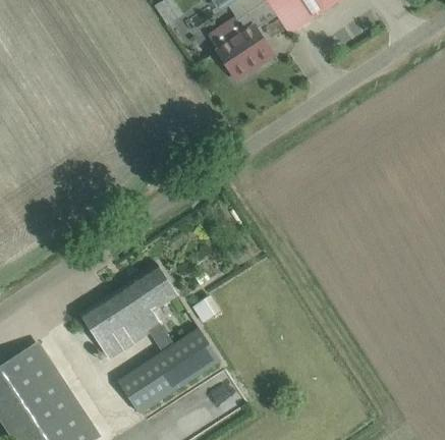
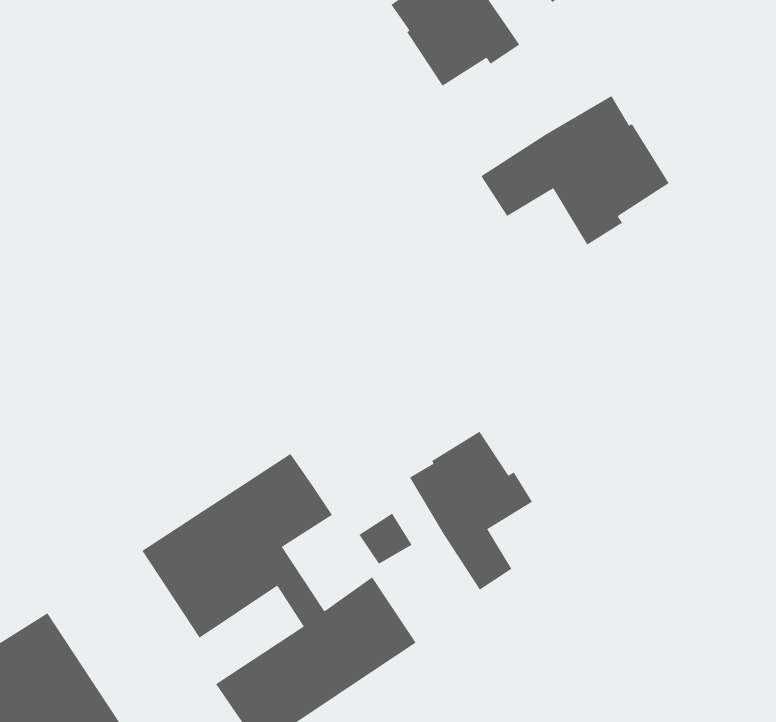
building: none -> [480,95,669,245]
building: none -> [409,431,533,591]

